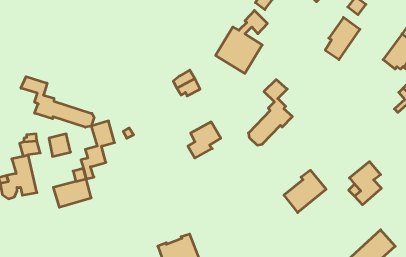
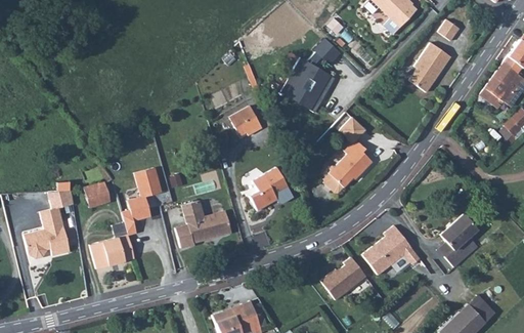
building: [21,77,94,127] -> none
building: none -> [174,201,230,247]
building: none -> [321,257,366,300]

